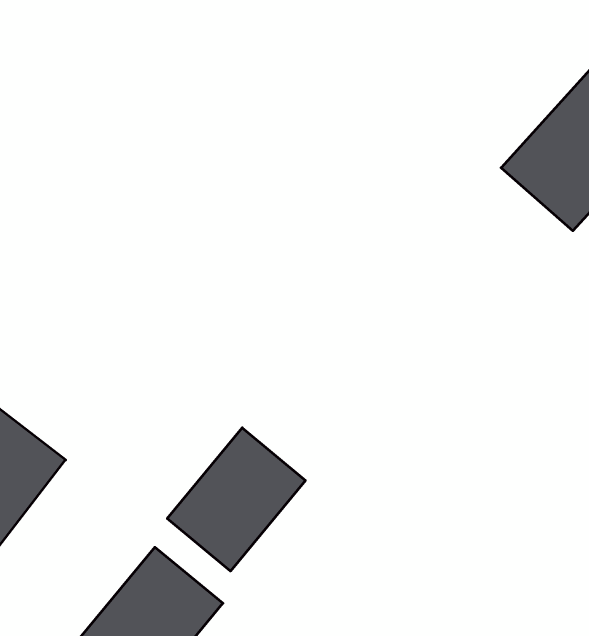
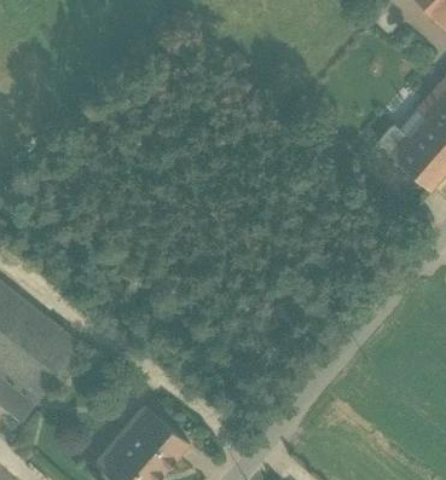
building: [167,428,305,571] -> none

